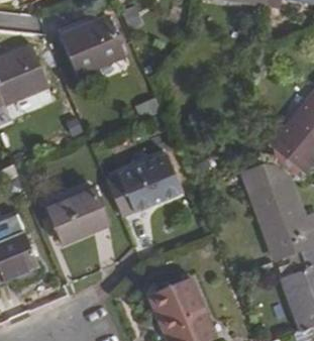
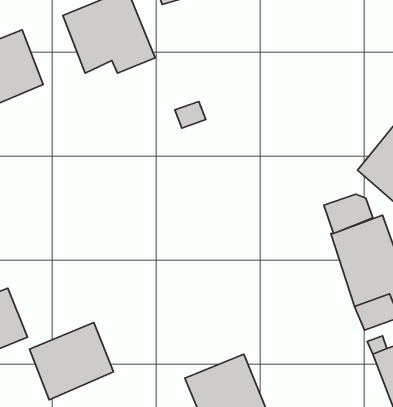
building: [106,154,182,215] -> none
building: [46,189,107,244] -> [29,323,114,400]

